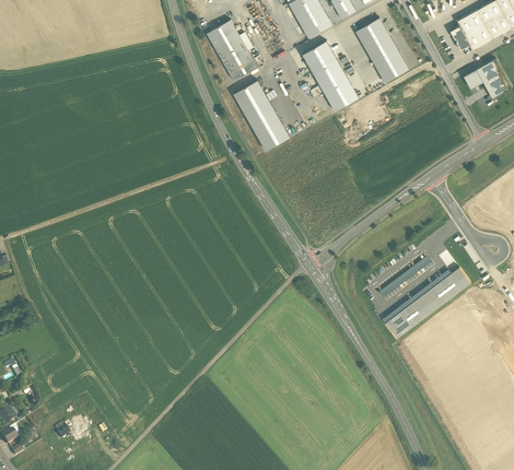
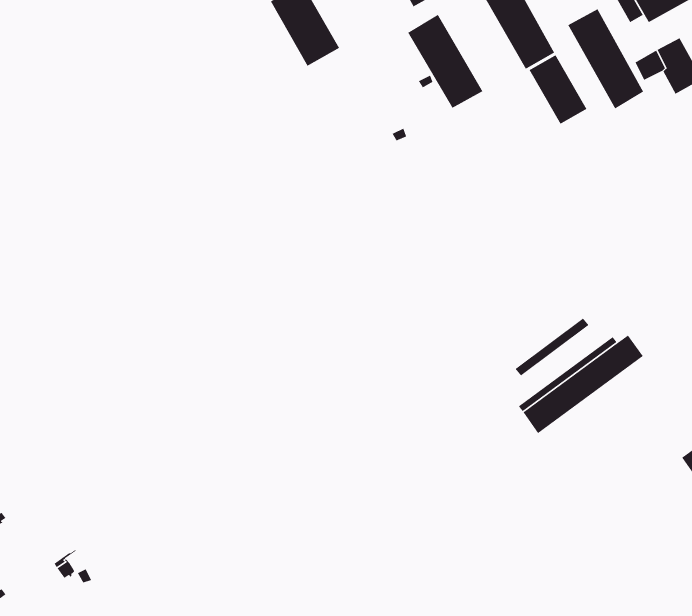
building: none -> [567,8,644,109]
building: none -> [529,54,587,125]
building: [233,81,289,151] -> none

